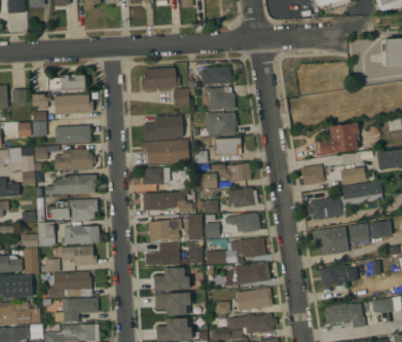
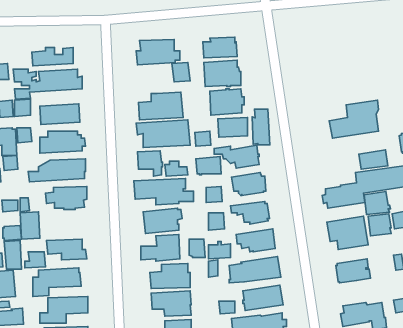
building: none -> [252,109,270,145]
building: [301,164,325,185] -> [364,191,391,214]
building: [184,215,203,238] -> none
building: [63,226,99,243] -> none

